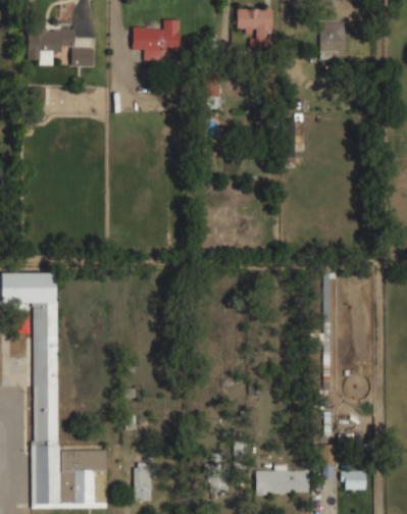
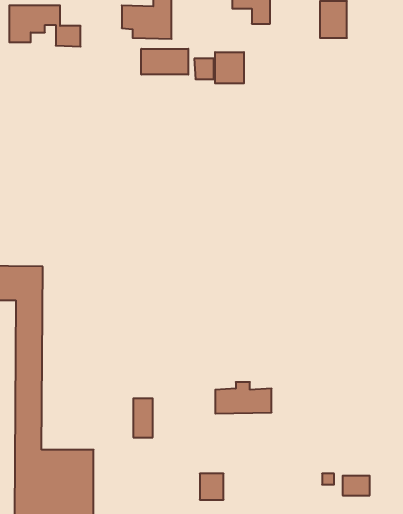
building: none -> [141,49,188,75]
building: none -> [215,52,244,83]
building: [133,463,151,500] -> [133,398,153,437]
building: [255,464,308,494] -> [215,382,272,414]

